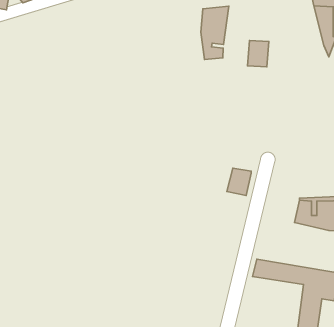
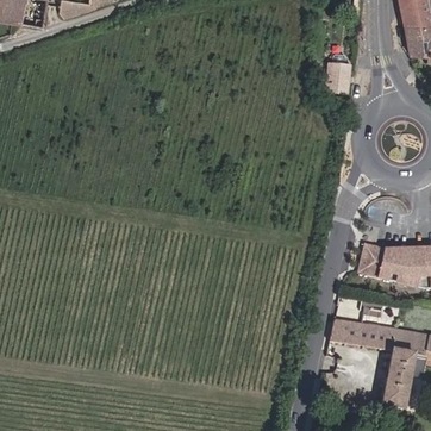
building: [201,6,229,60] -> none
building: [227,168,251,196] -> [358,244,387,276]

